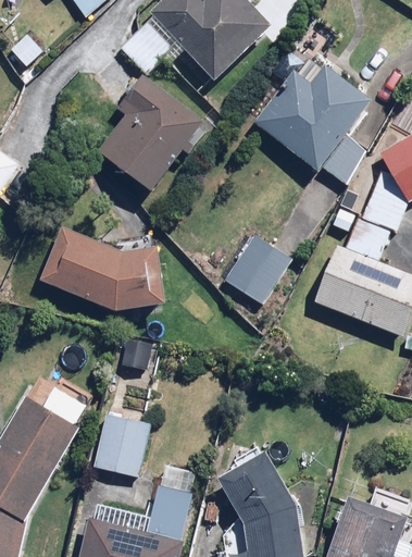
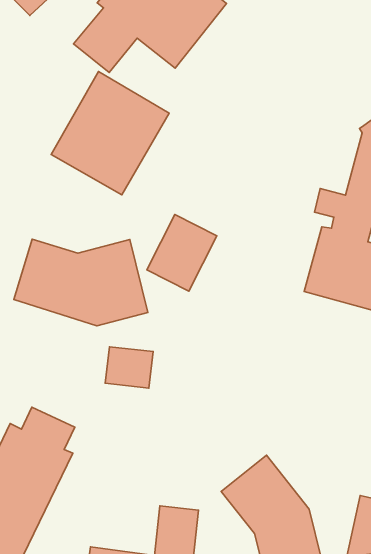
building: [255,64,372,188] -> none
building: [224,234,292,307] -> [147,214,217,291]
building: [95,410,151,475] -> none

